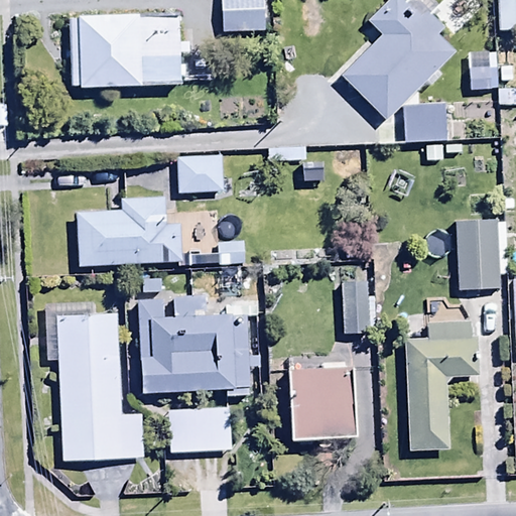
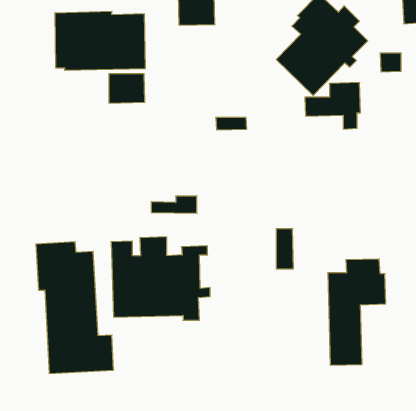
building: [178,154,223,190] -> [109,74,145,103]
building: [79,196,181,266] -> none
building: [456,217,500,288] -> none
building: [290,360,359,440] -> none
building: [169,405,231,452] -> none

